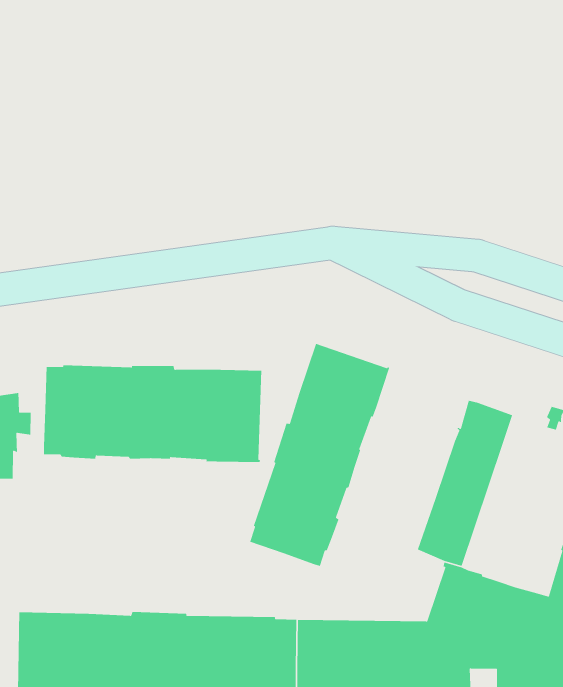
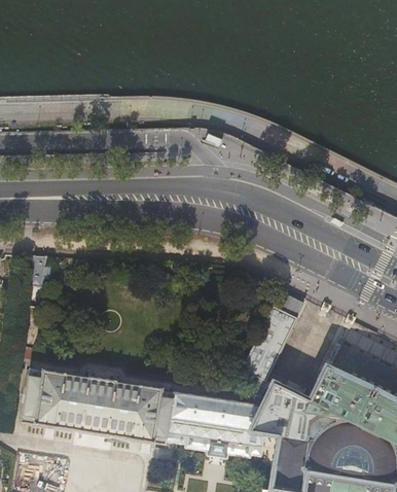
building: [249,343,390,567] -> none
building: [43,364,262,463] -> none

